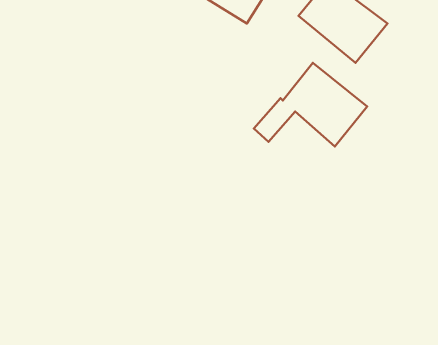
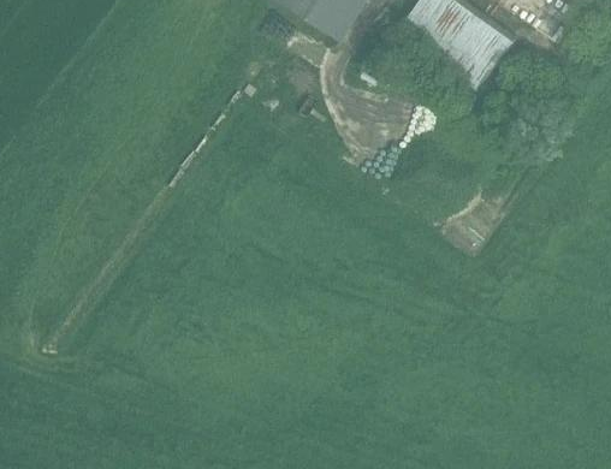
building: [254,63,367,147] -> none

